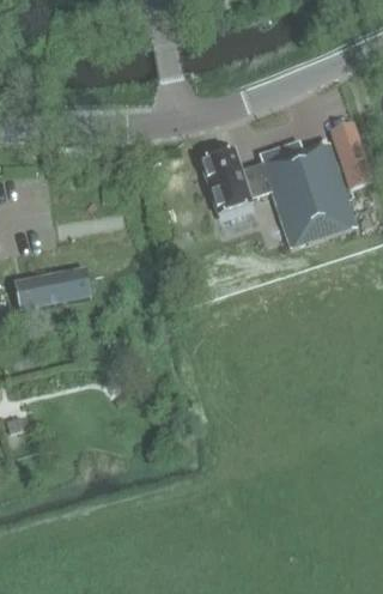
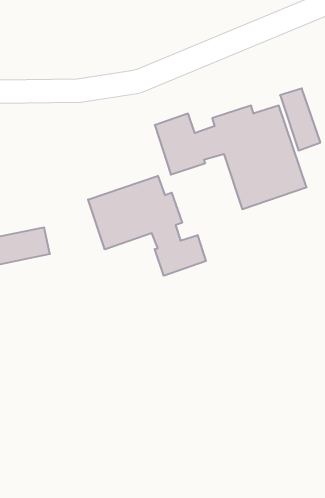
building: none -> [88,176,206,276]

